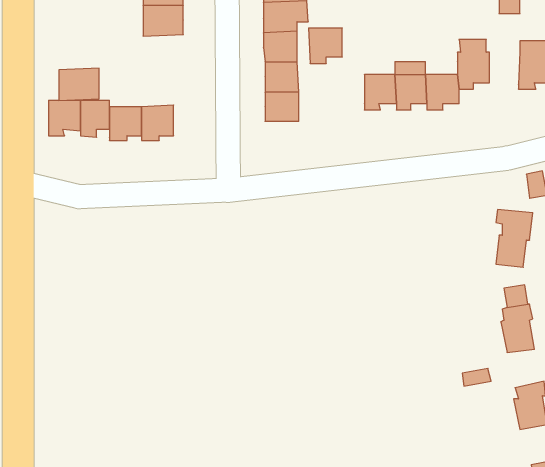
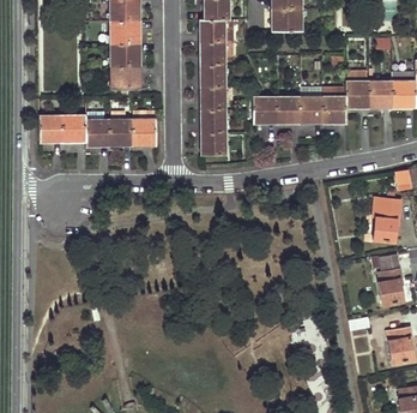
building: [309,28,342,63] -> [250,97,276,124]
building: none -> [369,80,392,108]
building: [59,68,99,100] -> [110,67,140,91]
building: none -> [133,120,156,146]
building: none -> [201,132,226,155]

